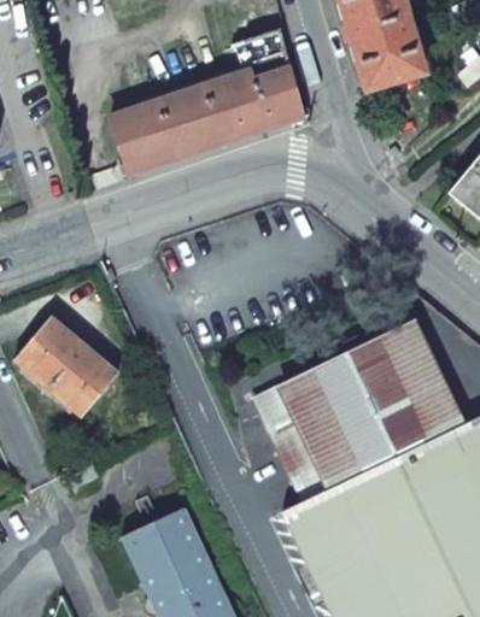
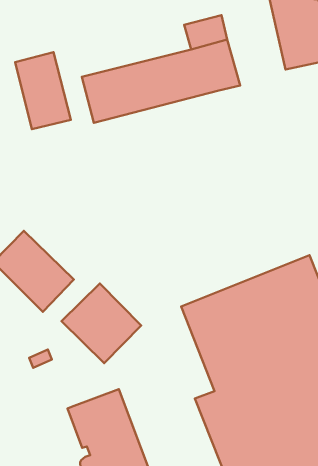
building: none -> [15,52,71,129]
building: none -> [62,283,141,363]

